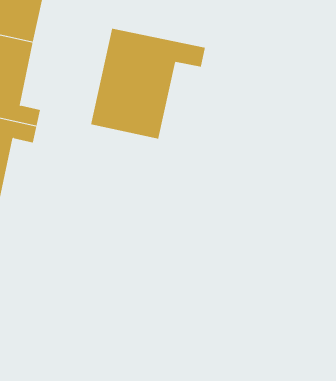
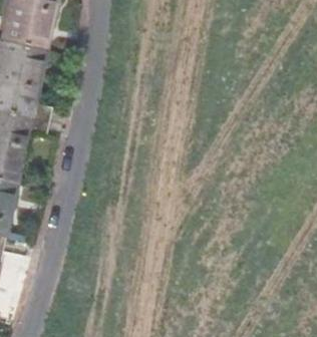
building: [90,28,205,139] -> none

